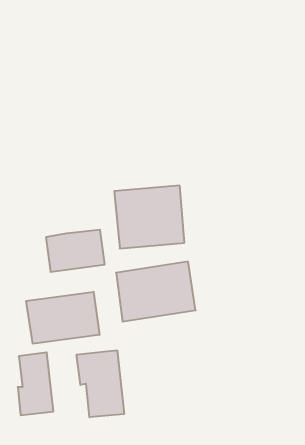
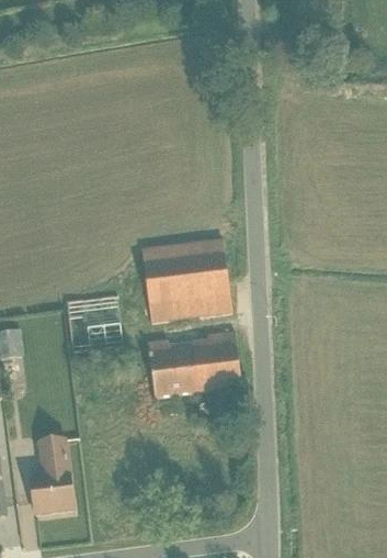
building: [26,292,99,344] -> none
building: [77,350,124,417] -> none

